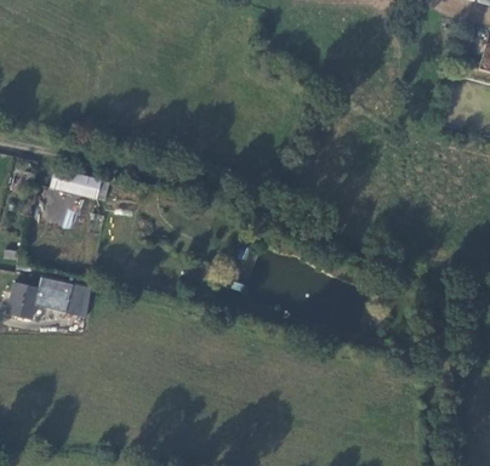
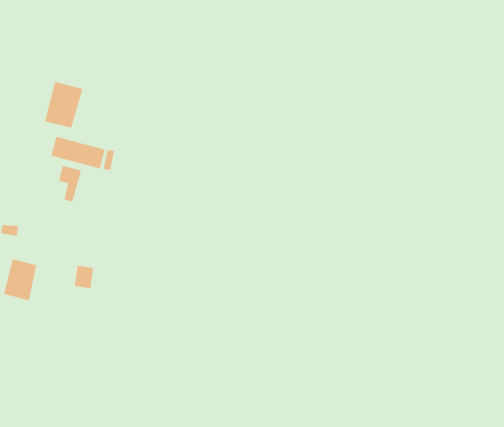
building: none -> [44,81,83,129]
building: [36,278,74,313] -> none

